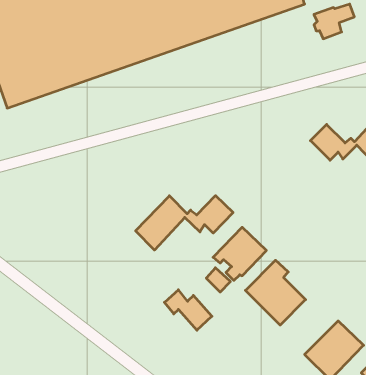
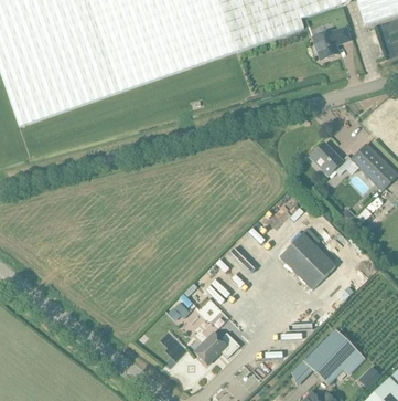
building: [136,196,233,250] -> none
building: [245,260,306,325] -> [279,228,336,289]
building: none -> [195,331,239,365]

